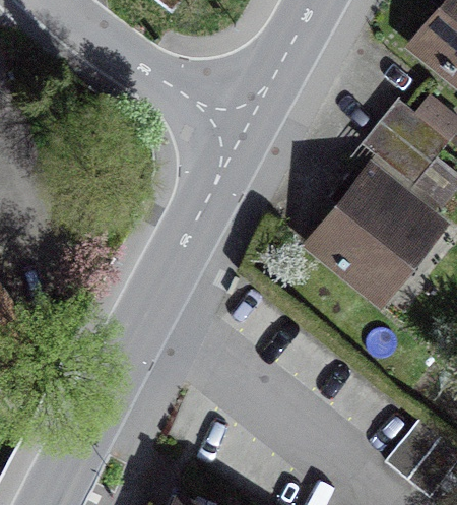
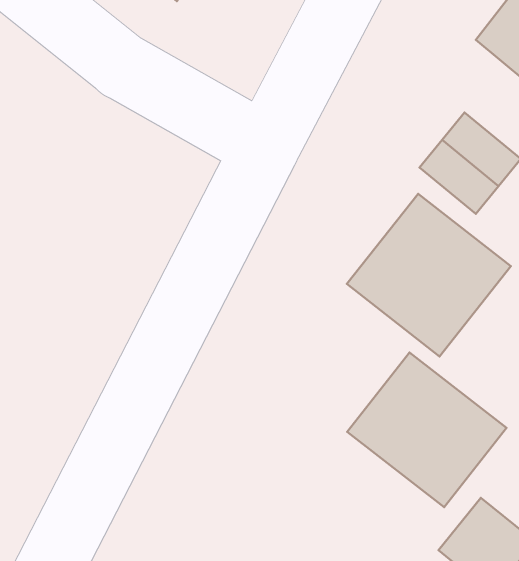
building: none -> [347,352,506,507]

